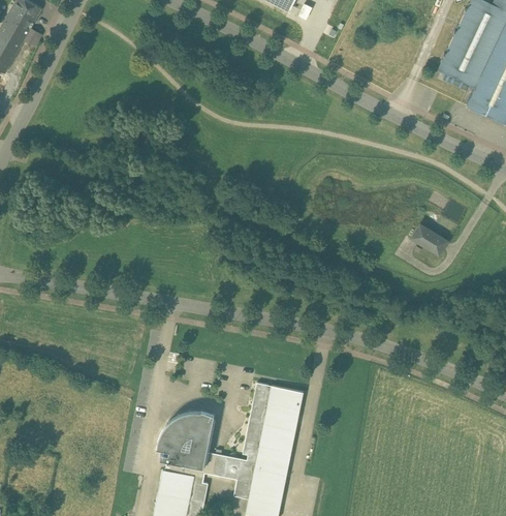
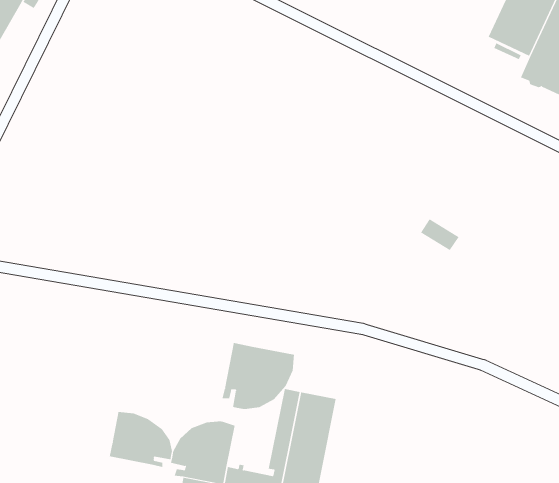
building: [412,225,447,254] -> [420,218,460,251]
building: none -> [222,342,295,410]
building: none -> [109,411,172,468]

